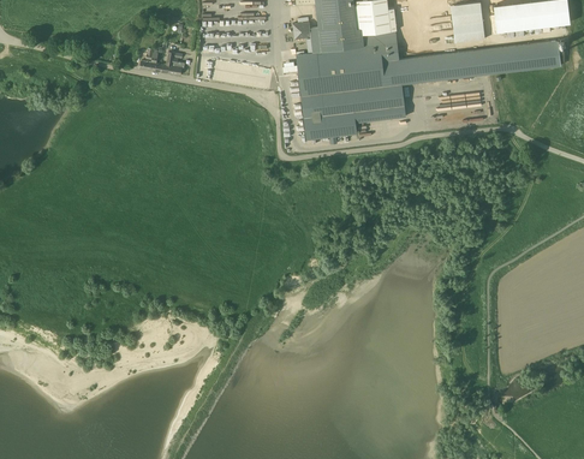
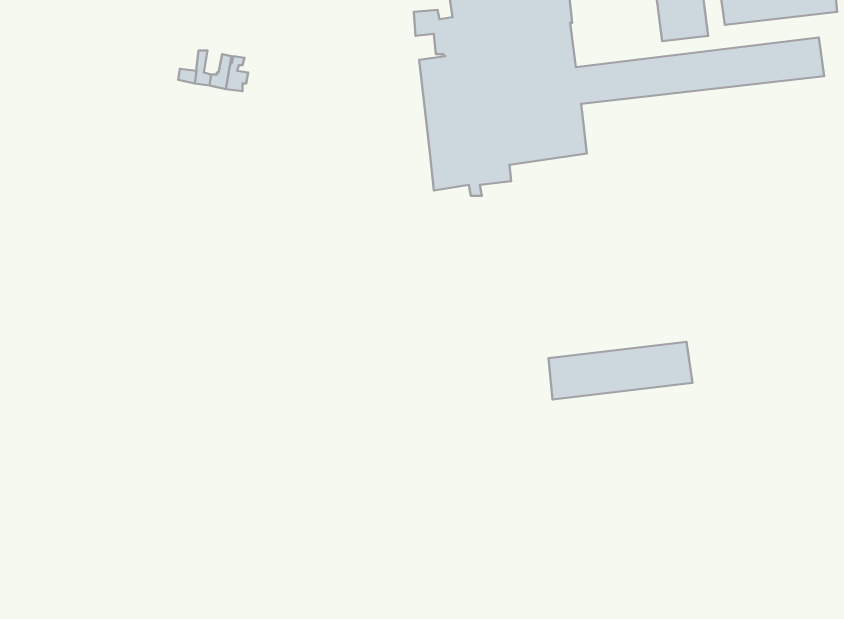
building: none -> [549,342,692,400]

